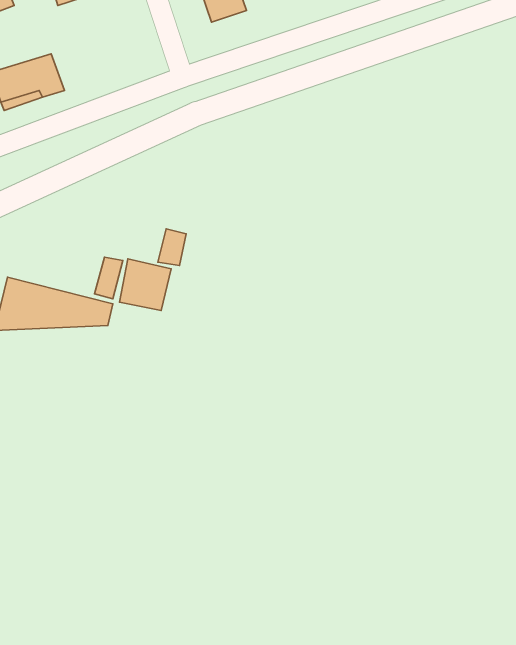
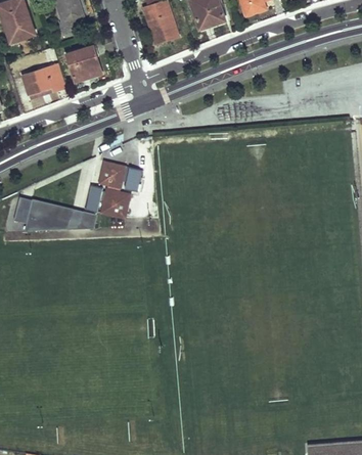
building: none -> [65,44,99,81]
building: none -> [101,163,126,189]

